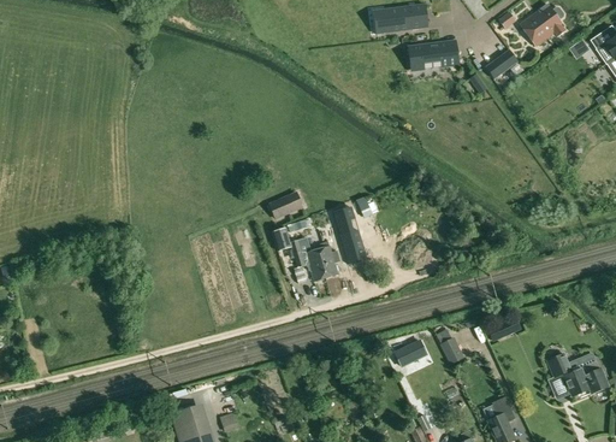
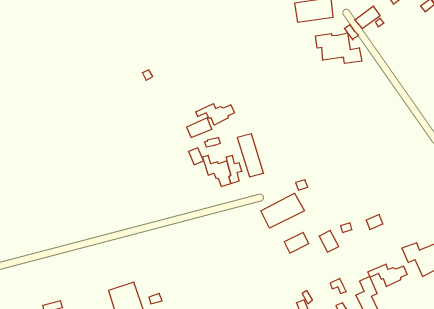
building: none -> [315,33,362,63]
building: none -> [196,104,235,125]
building: none -> [261,193,305,228]
building: none -> [368,264,407,287]

